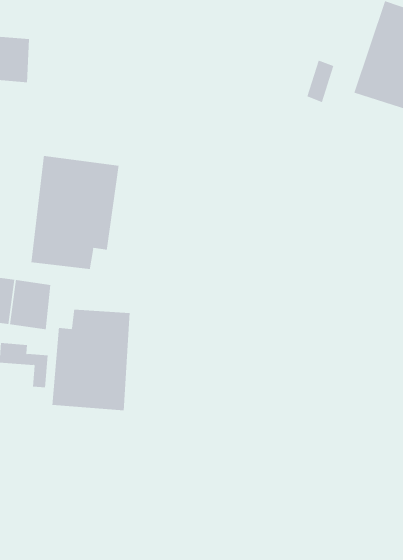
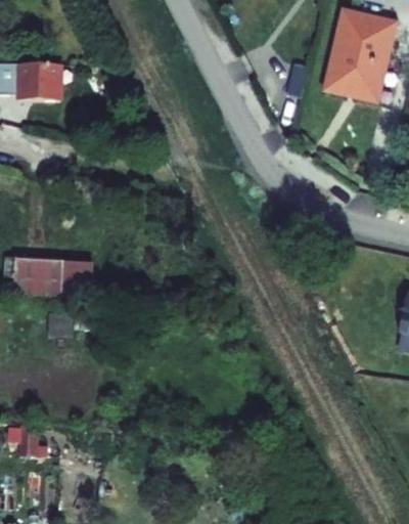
building: [31,155,119,270] -> none
building: [52,309,130,411] -> none

